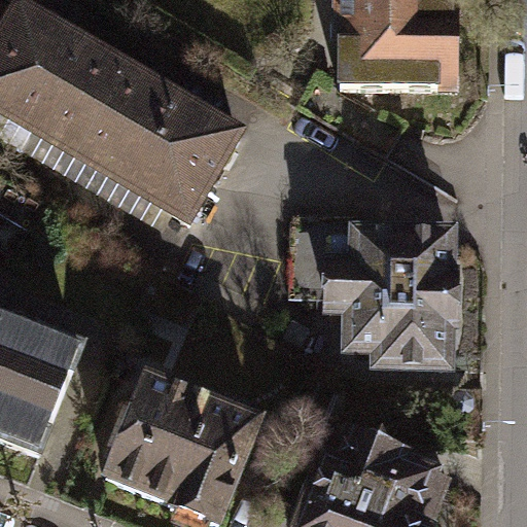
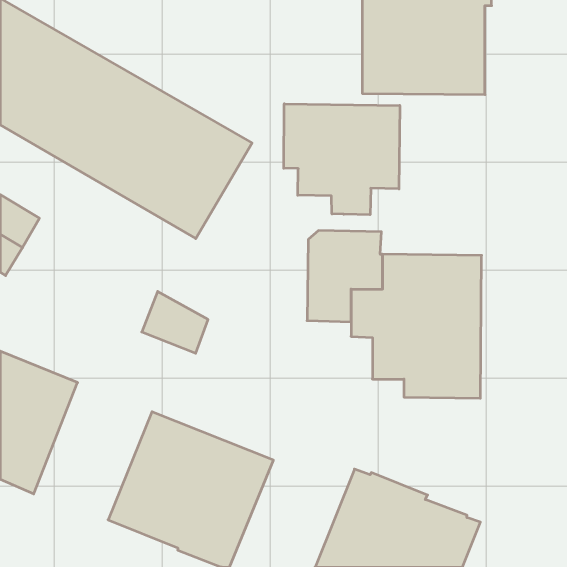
building: none -> [284,104,400,215]

